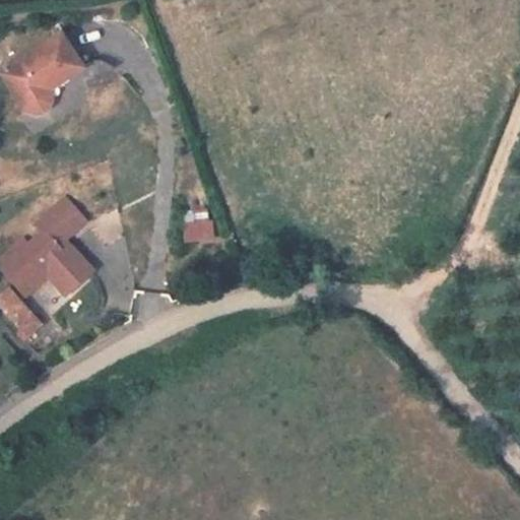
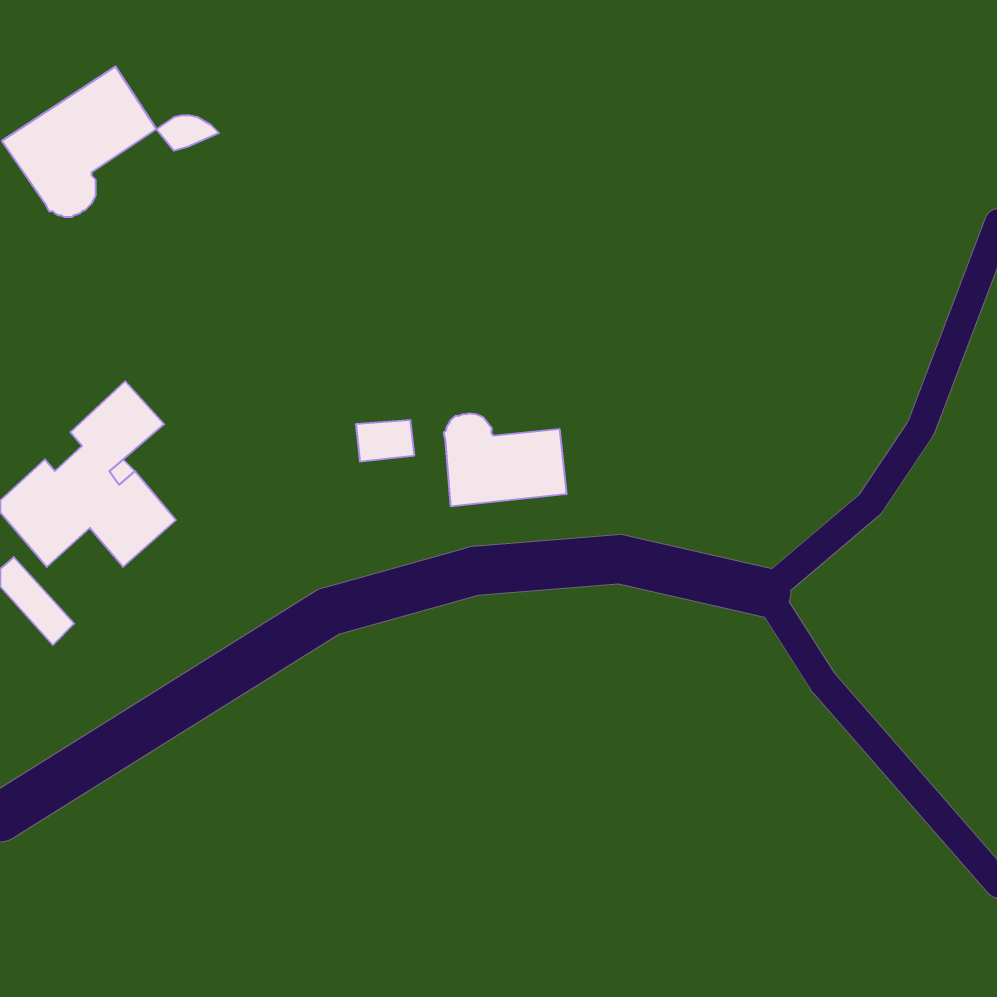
building: none -> [444,413,566,506]

